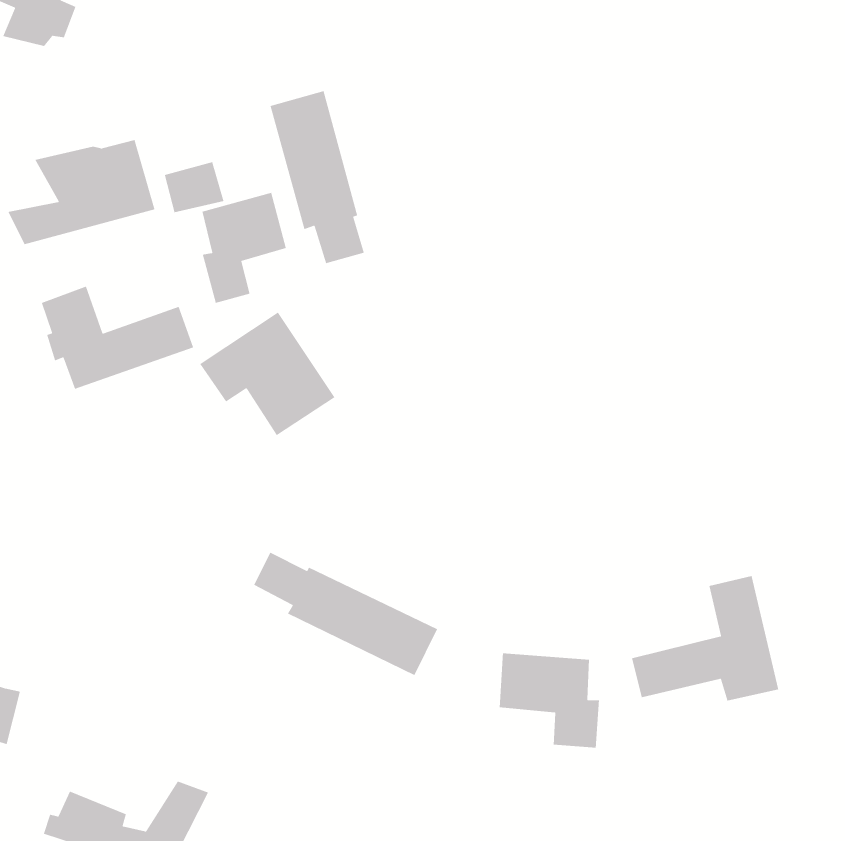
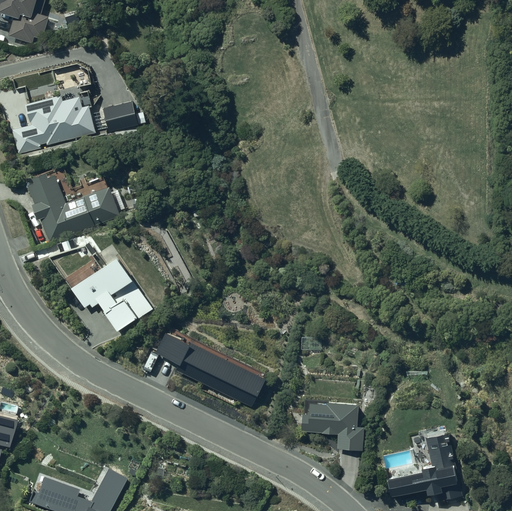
building: [270,90,365,264] -> none
building: [201,192,287,304] -> none
building: [199,312,335,436] -> [70,258,151,332]
building: [631,575,779,701] -> [377,426,465,501]

